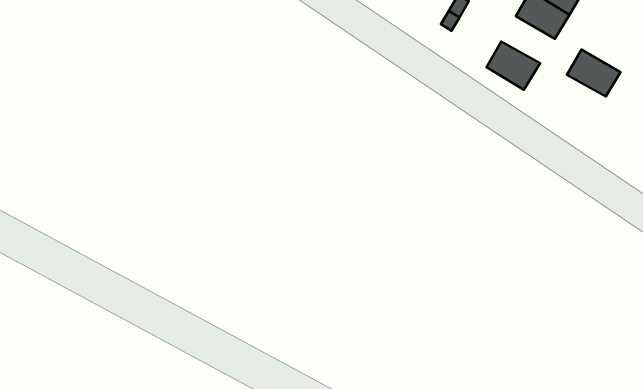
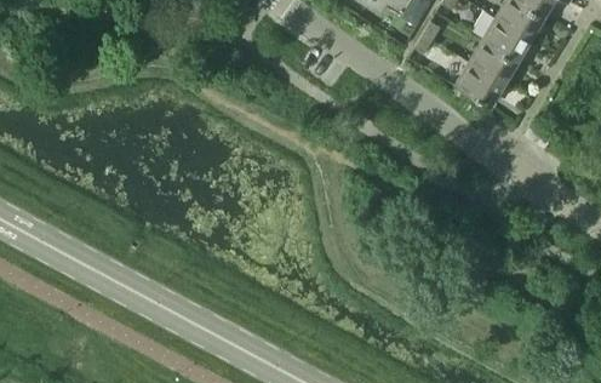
building: [567,49,621,96] -> [468,42,516,85]

